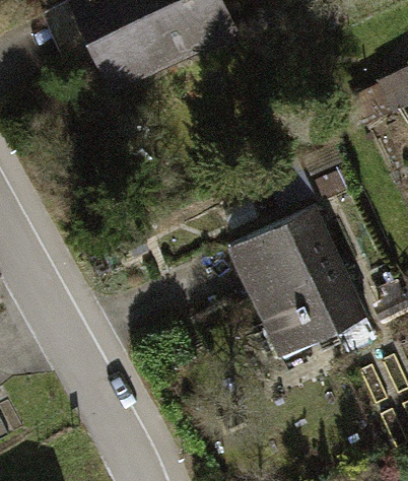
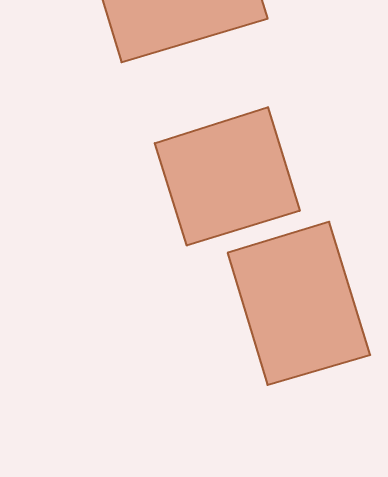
building: none -> [155,107,300,246]

